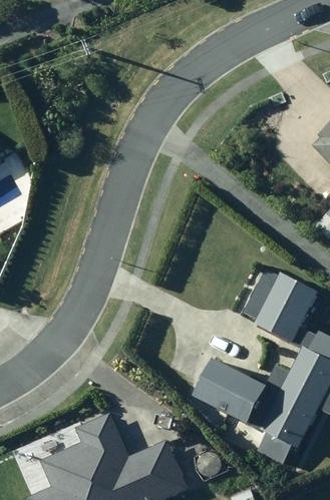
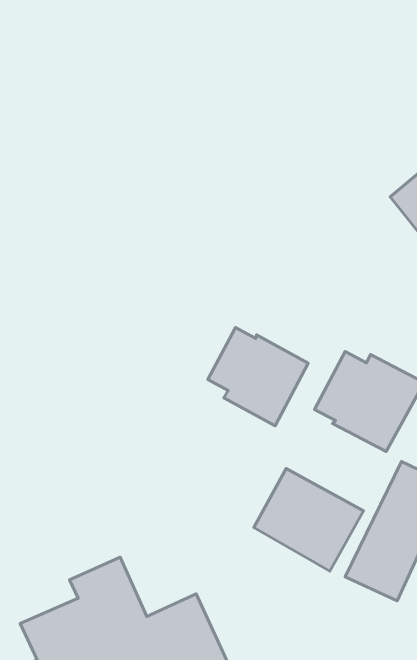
building: none -> [208,327,308,426]

